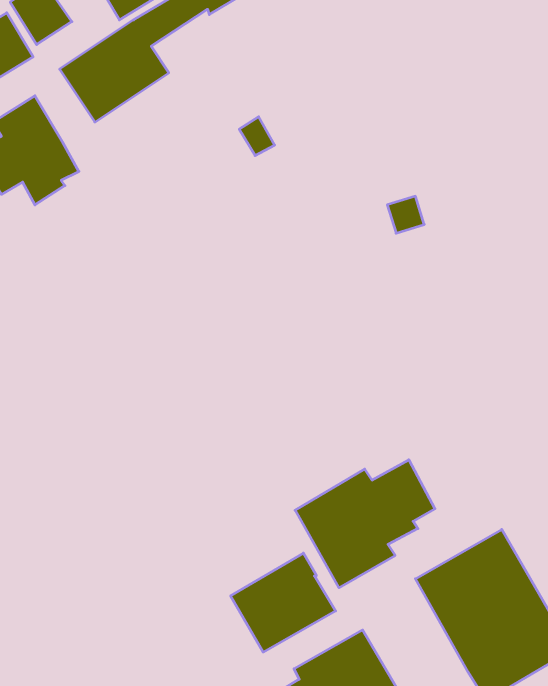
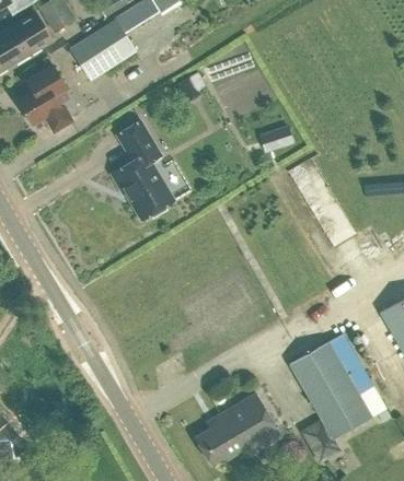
building: none -> [111,121,174,221]
building: [295,460,435,588] -> none
building: [231,553,336,652] -> none

